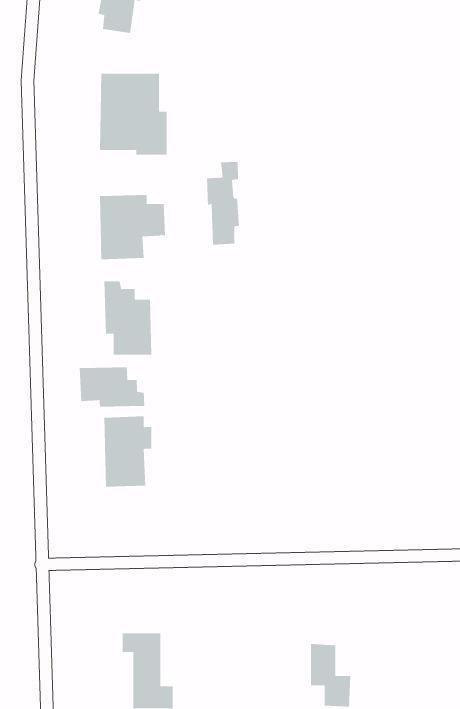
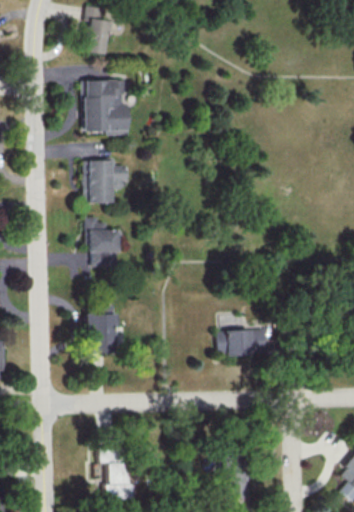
building: [207,161,239,246] -> none
building: [79,367,145,407] -> none
building: none -> [218,330,266,355]

